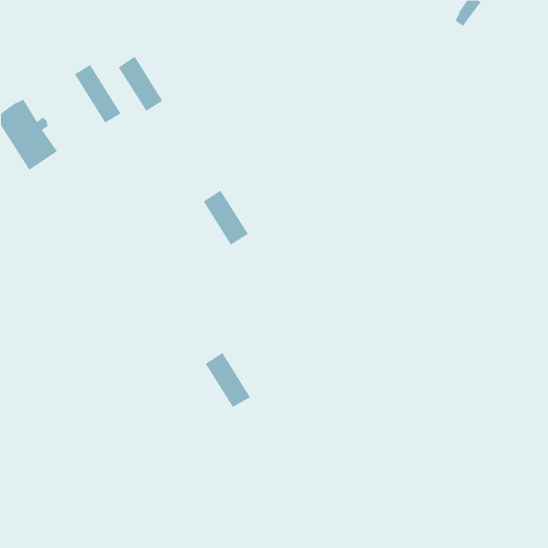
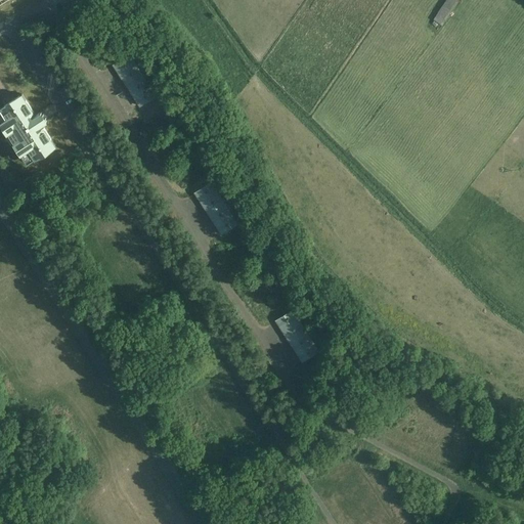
building: [74,64,121,124] -> none
building: [205,352,251,408] -> [275,309,319,362]

